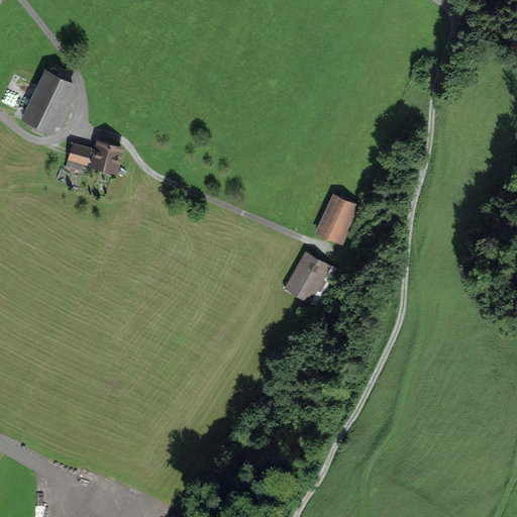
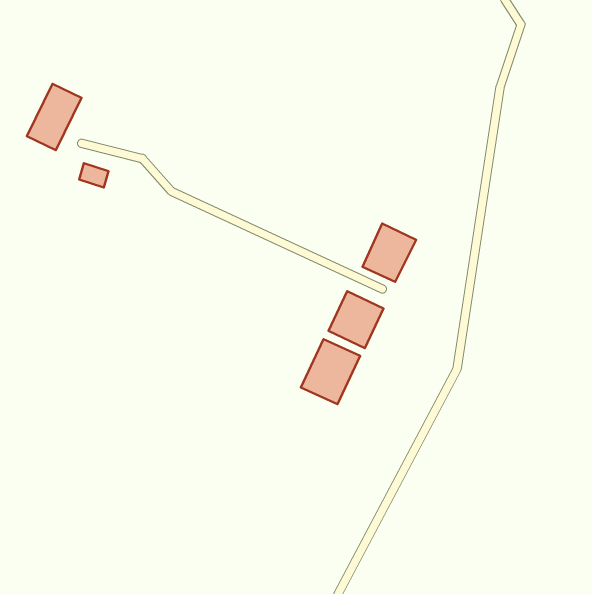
building: [92,144,120,175] -> none
building: none -> [301,339,360,404]

